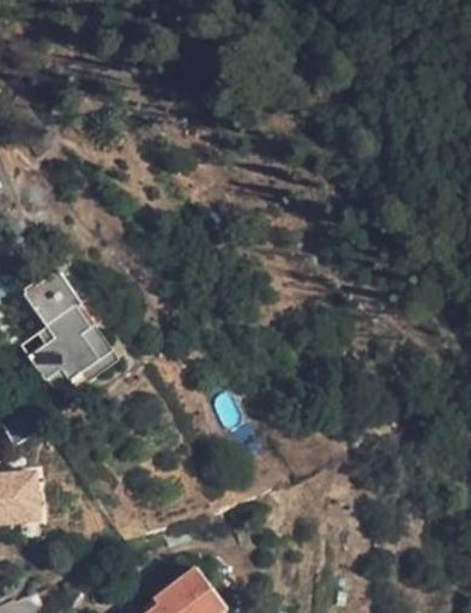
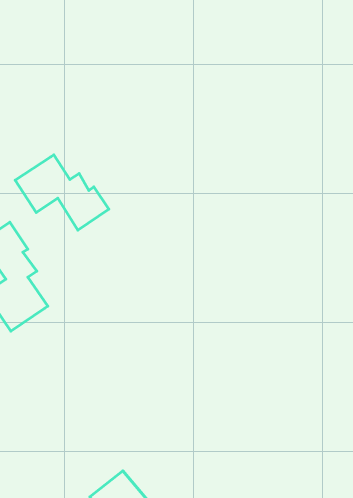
building: none -> [15,155,109,230]

